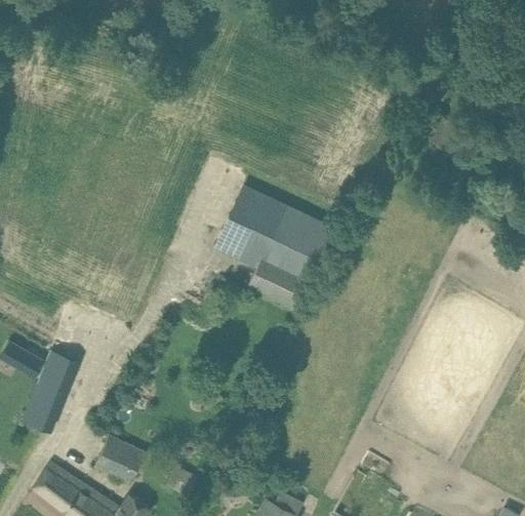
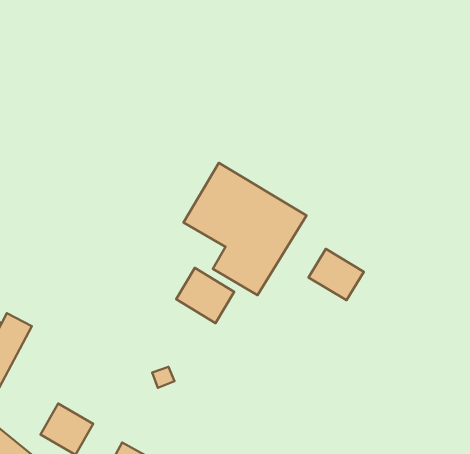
building: none -> [308,249,364,300]
building: none -> [176,268,234,323]

